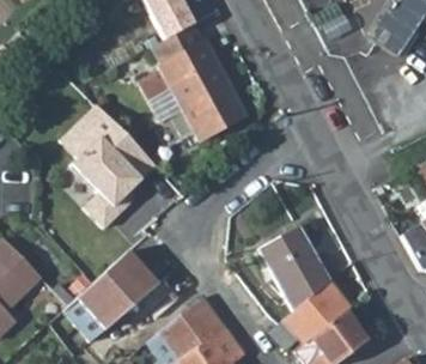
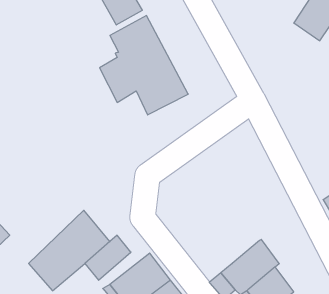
building: [62,102,158,225] -> none
building: [263,226,340,309] -> none

